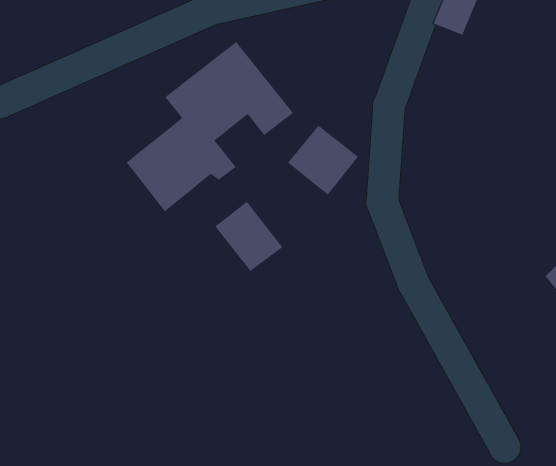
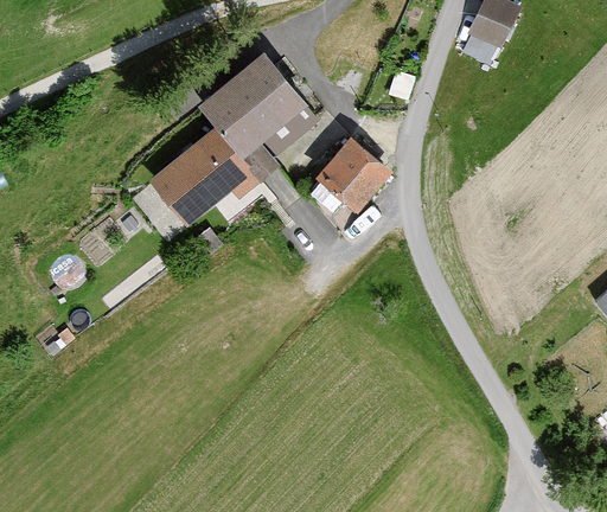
building: [214,201,283,272] -> none

